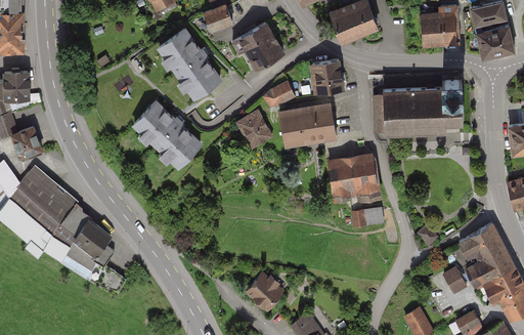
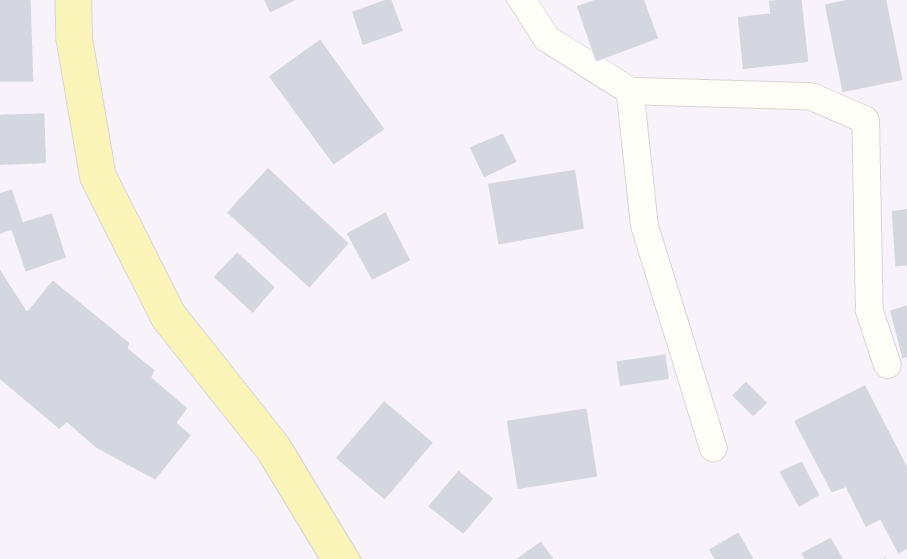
building: [235,22,283,71] -> none
building: [311,60,345,93] -> none
building: [374,80,464,133] -> none
building: [236,110,273,149] -> [346,211,411,280]
building: none -> [213,251,275,314]
building: [326,153,379,199] -> [506,408,598,489]
building: none -> [335,400,434,501]

